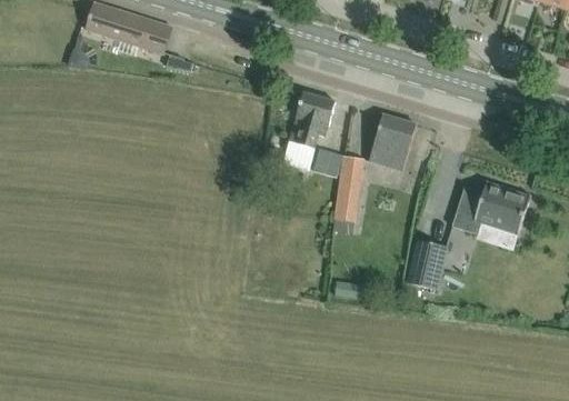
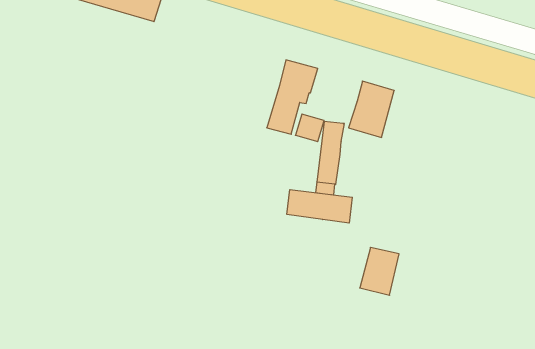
building: [451,180,530,234] -> none
building: none -> [287,190,352,223]
building: [406,239,447,289] -> [360,247,399,295]

